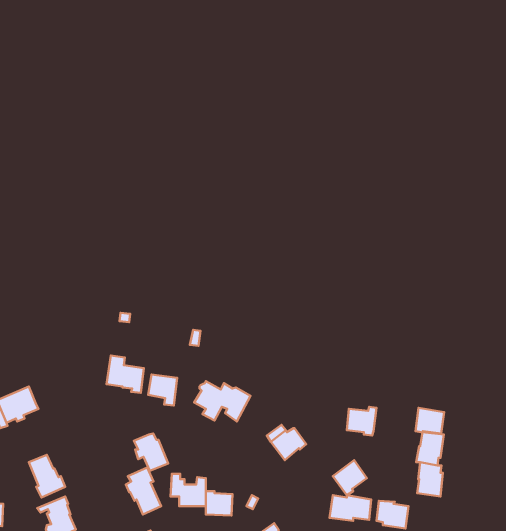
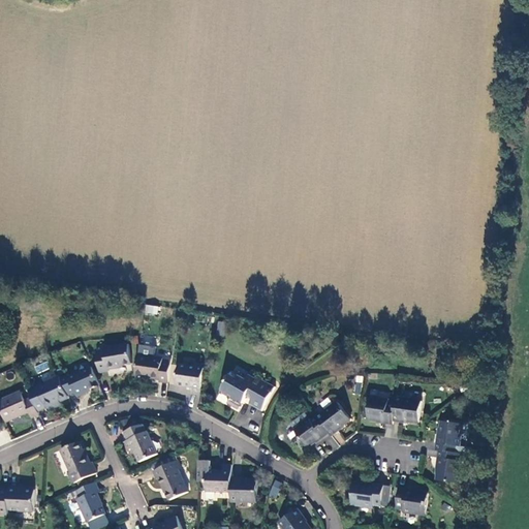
building: none -> [95,344,131,372]
building: none -> [59,366,98,396]
building: [415,408,444,433] -> [393,397,421,422]
building: [134,433,168,471] -> [123,425,156,461]
building: [333,460,367,495] -> [316,401,349,435]

